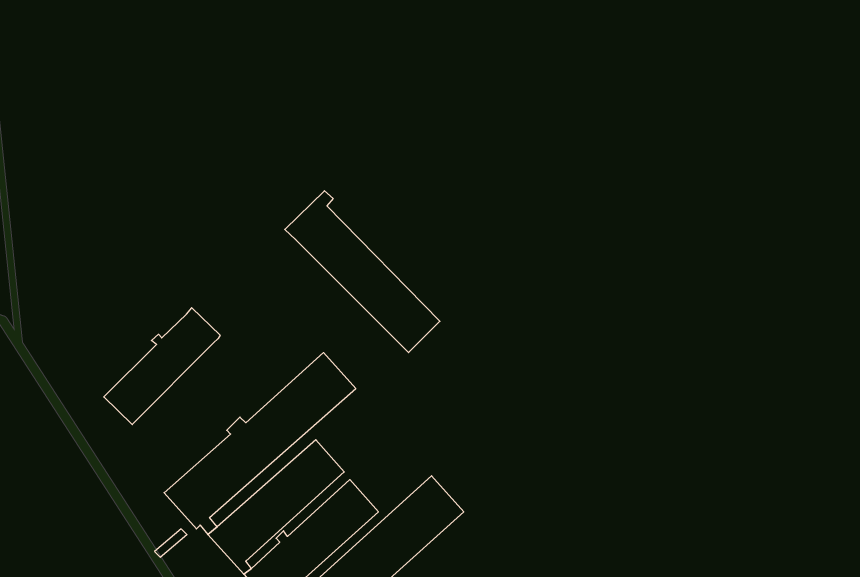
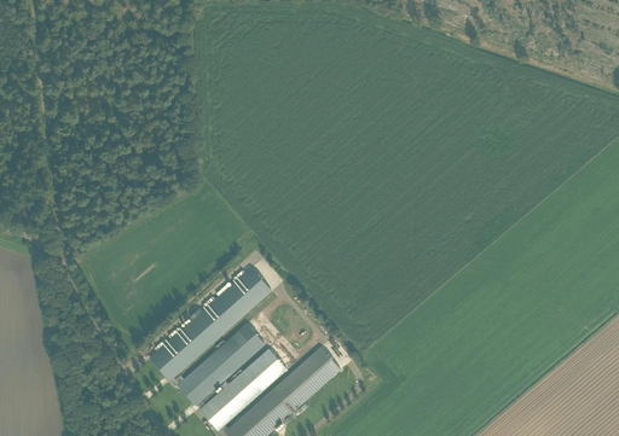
building: [285,191,440,353] -> none
building: [104,308,220,425] -> none

